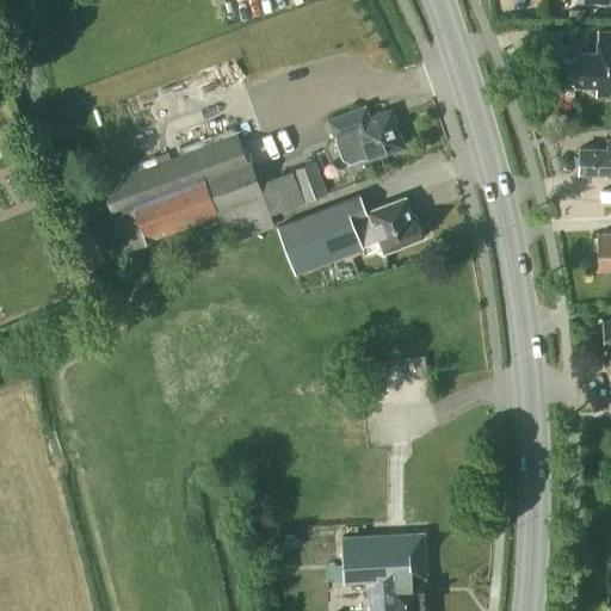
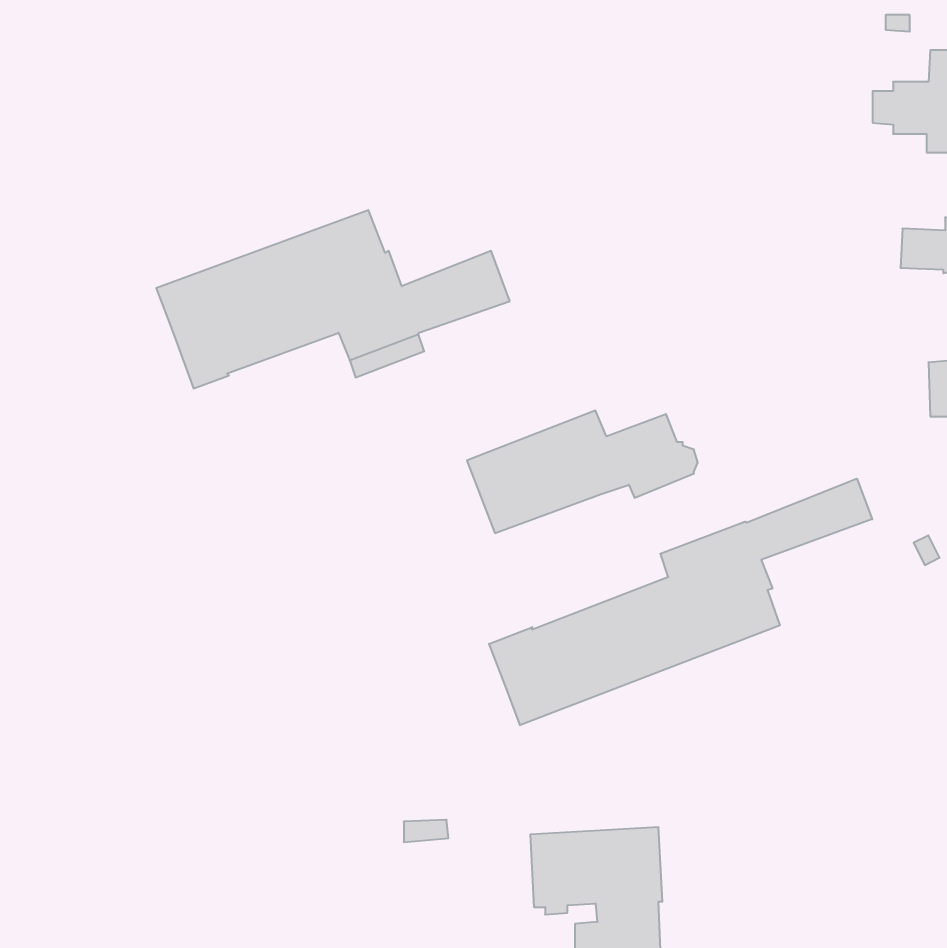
building: [329,106,402,163] -> none
building: [278,196,426,274] -> [467,410,698,533]
building: none -> [489,479,872,725]

